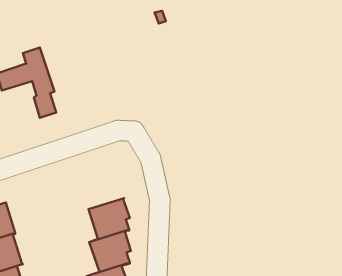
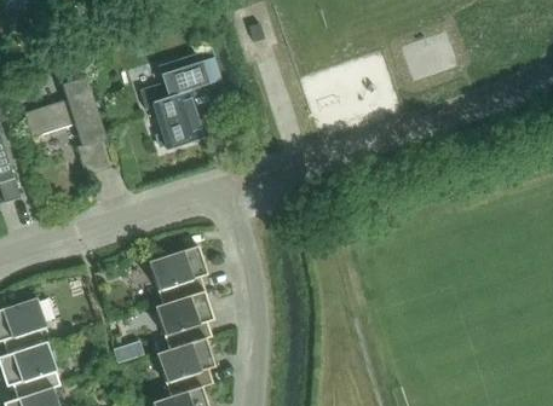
building: none -> [139,54,220,150]
building: none -> [148,245,207,307]

